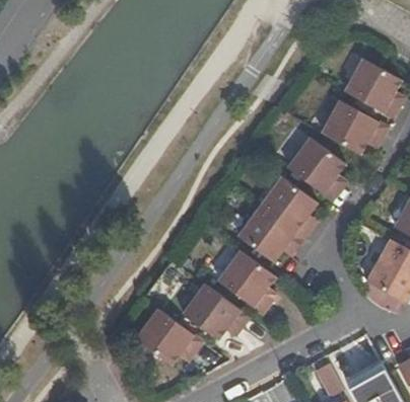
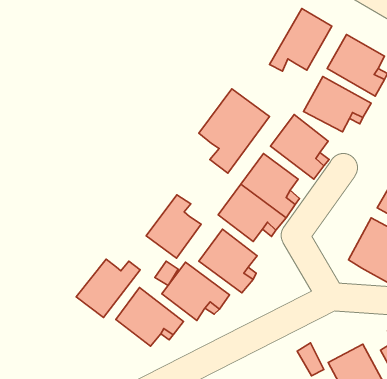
building: none -> [269,8,332,71]
building: none -> [199,89,270,173]
building: none -> [146,195,201,258]
building: none -> [76,259,140,318]

